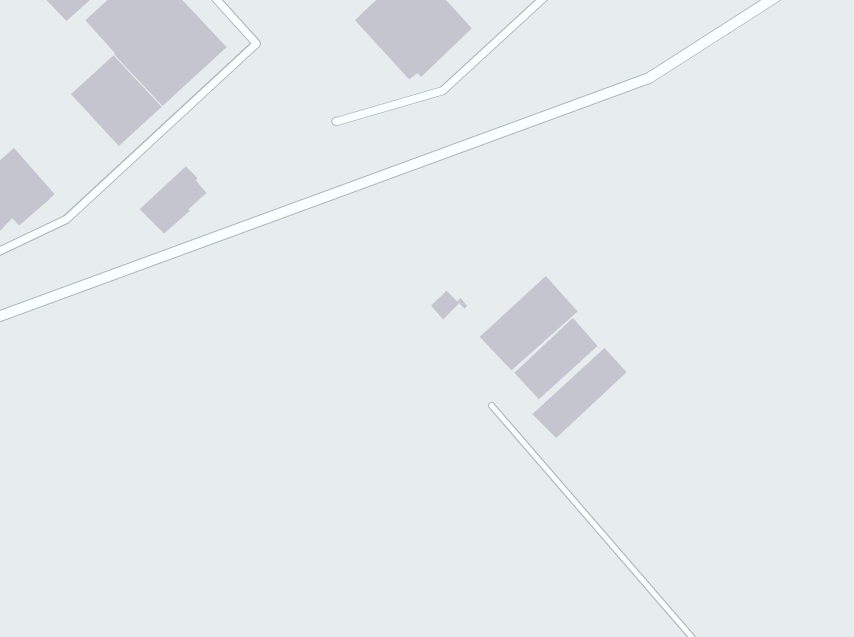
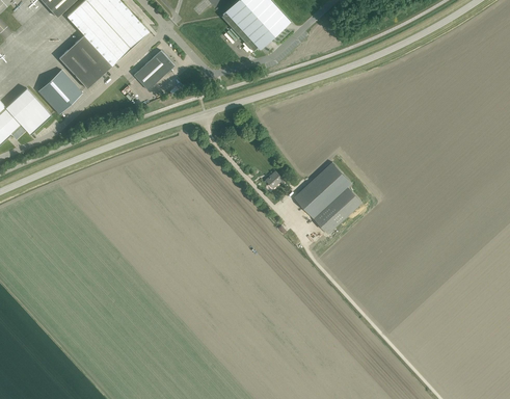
building: none -> [37,70,81,114]
building: [139,166,208,234] -> [133,50,172,89]
building: [531,347,627,439] -> none

